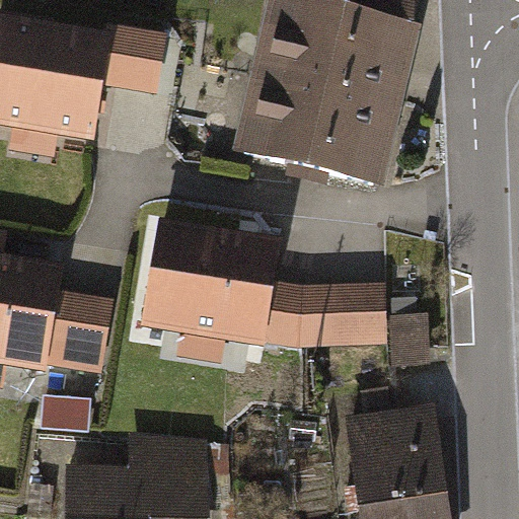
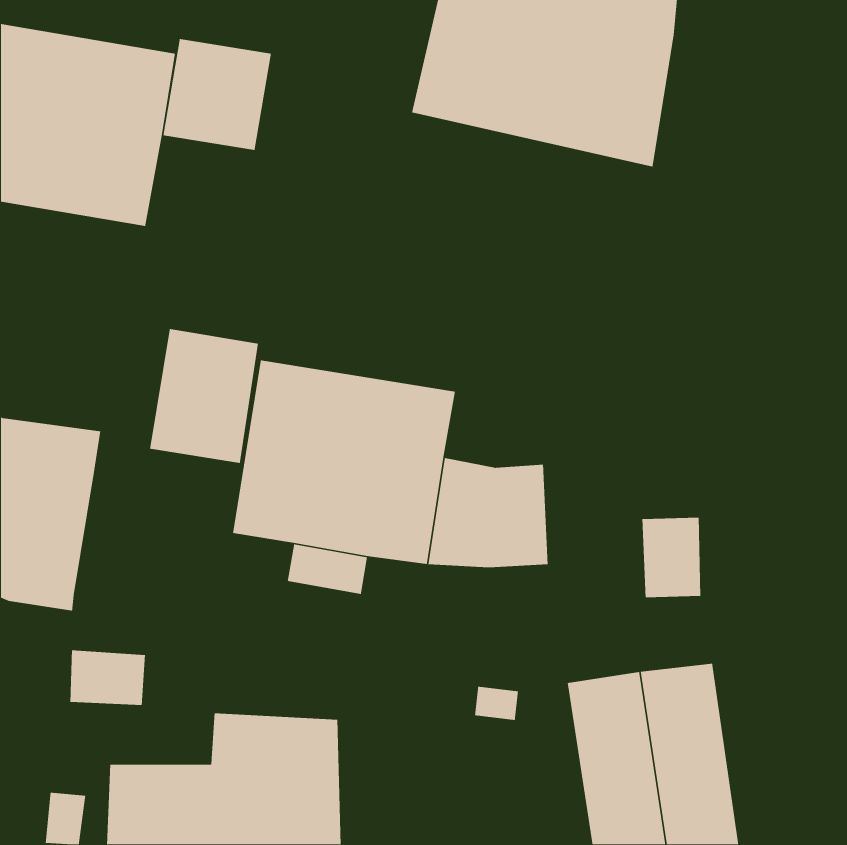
building: [232,69,399,187] -> none
building: [332,282,388,346] -> none
building: [46,290,113,373] -> [149,328,259,464]

